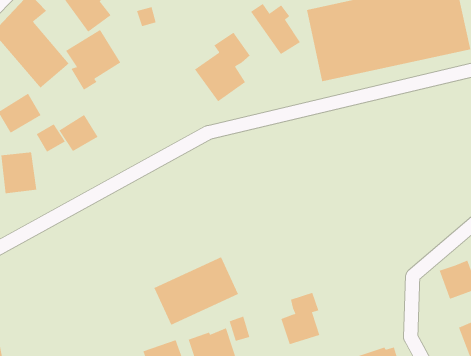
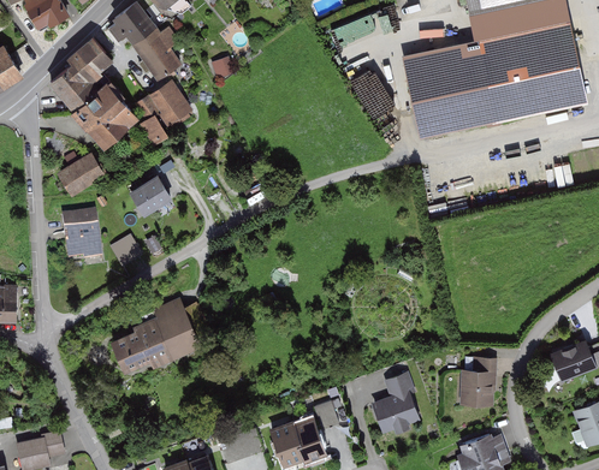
building: [194,32,251,102] -> none
building: [36,123,66,152] -> [112,232,146,264]
building: [154,257,239,326] -> [106,304,201,381]
building: none -> [459,359,497,407]

